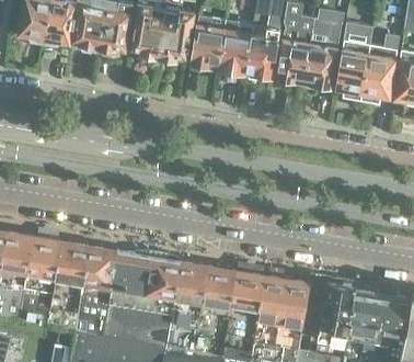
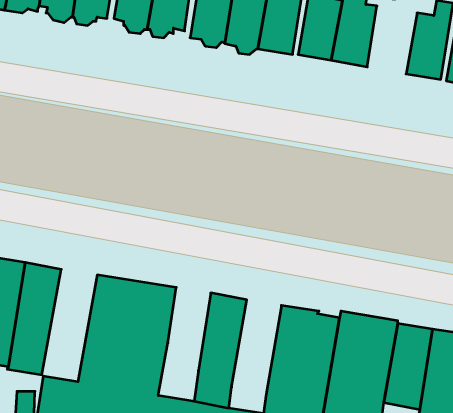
building: [335,38,370,91] -> none
building: [73,246,117,335] -> none
building: [165,260,207,350] -> none
building: [223,270,263,344] -> none

